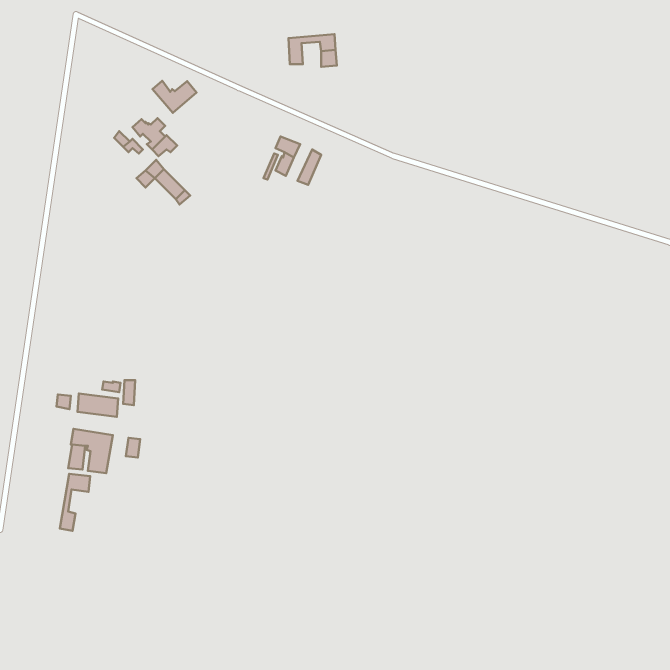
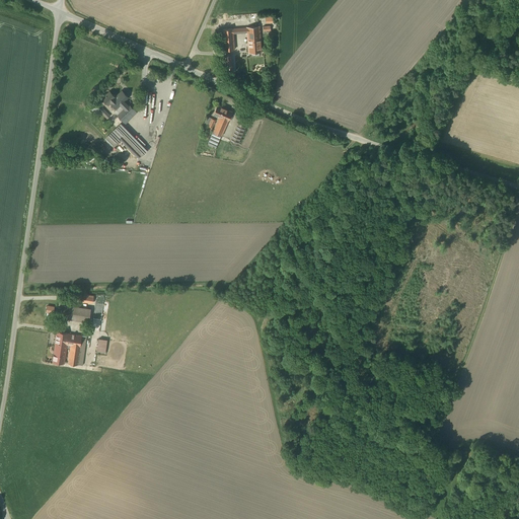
building: [152,81,196,113] -> none
building: [60,474,90,531] -> none

